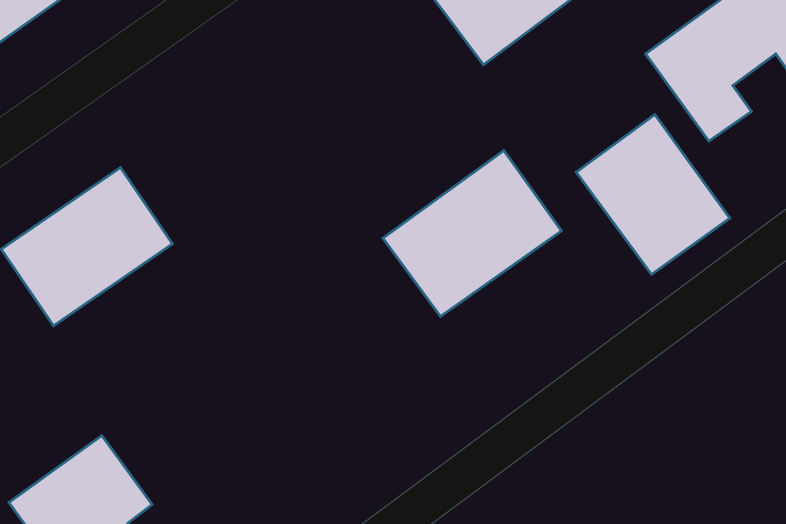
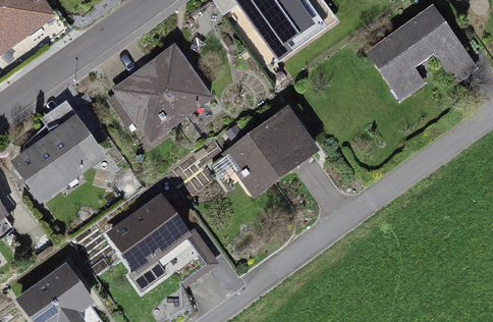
building: none -> [112,44,213,142]
building: [576,114,730,274] -> none
building: none -> [109,198,193,286]

